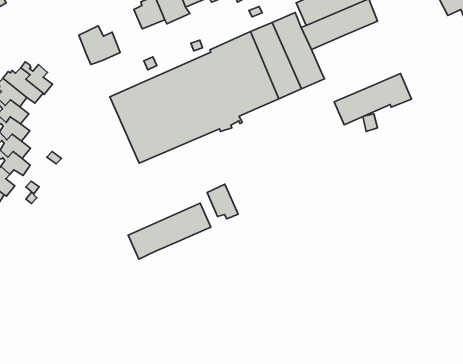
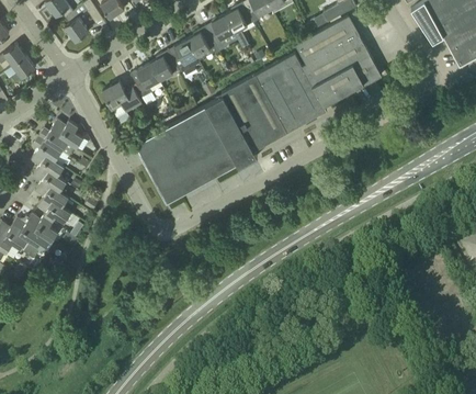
building: none -> [131,64,162,97]
building: [334,74,411,125] -> [313,54,382,104]
building: [207,184,238,219] -> none
building: [128,203,211,259] -> none

